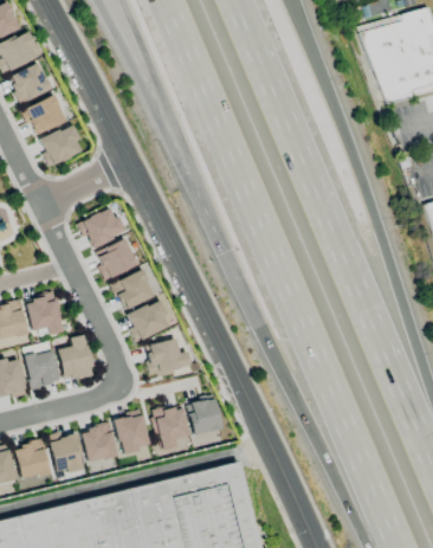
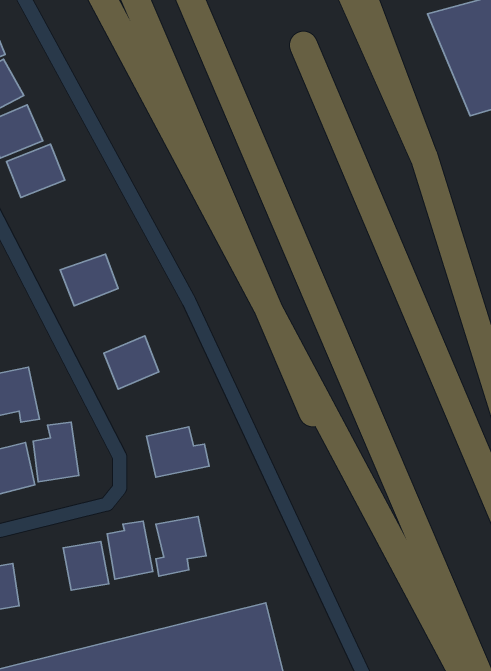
building: [96,239,138,278] -> none
building: [127,301,173,342] -> none
building: [189,398,222,434] -> none
building: [49,432,85,475] -> none

